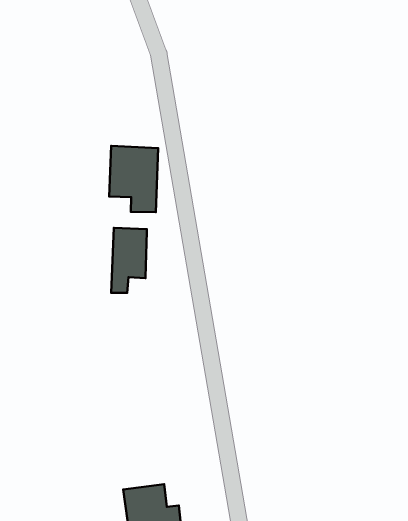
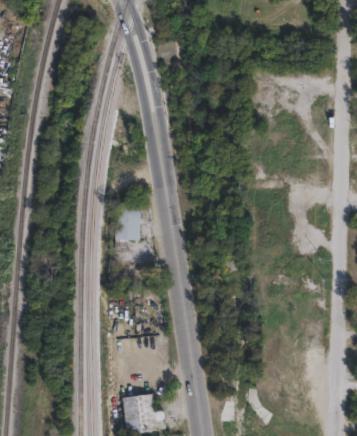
building: [109,146,158,212] -> none

